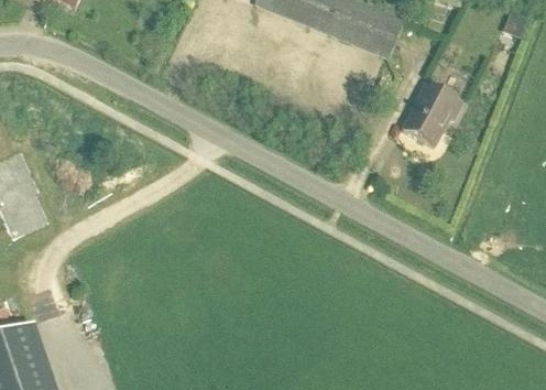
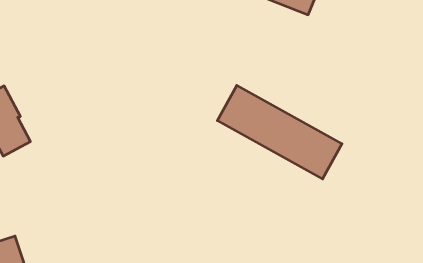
building: [403,83,461,145] -> none
building: none -> [217,85,342,179]

